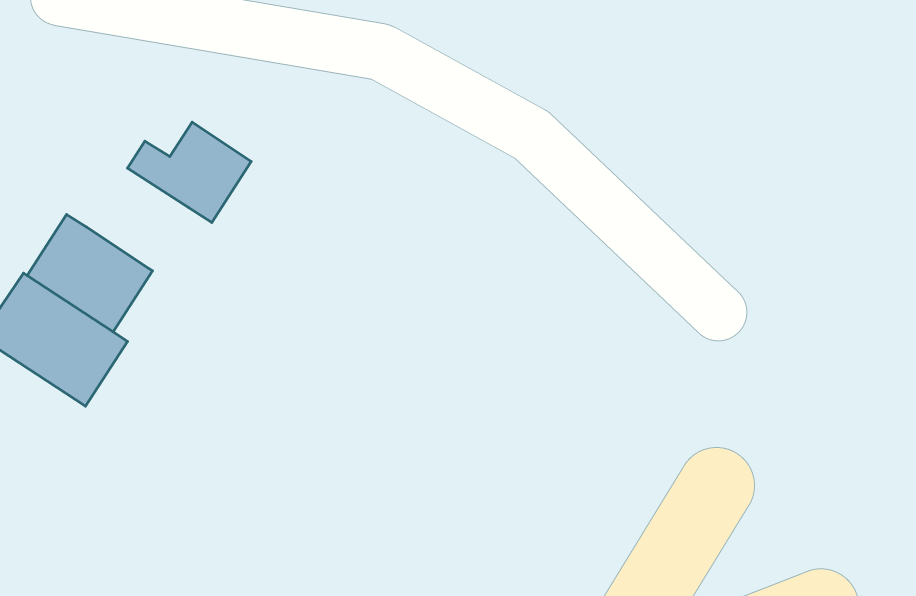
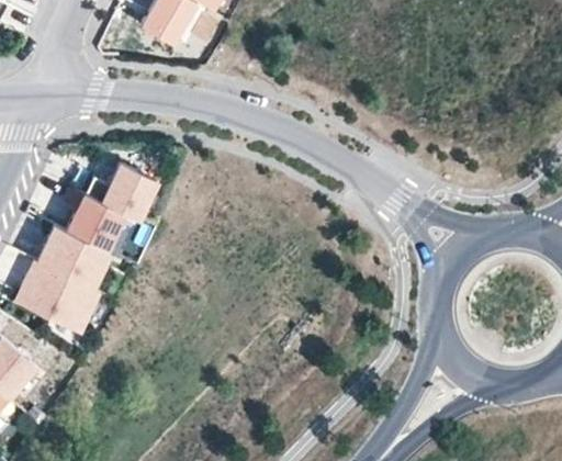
building: none -> [64,190,122,251]

